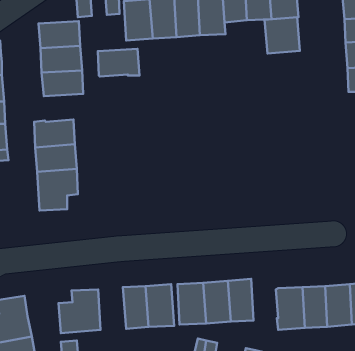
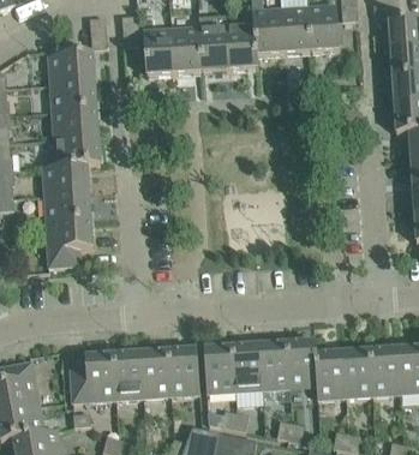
building: [265,17,300,54] -> none
building: [98,49,140,77] -> [53,136,100,167]
building: none -> [286,342,316,390]
building: none -> [114,353,145,401]

